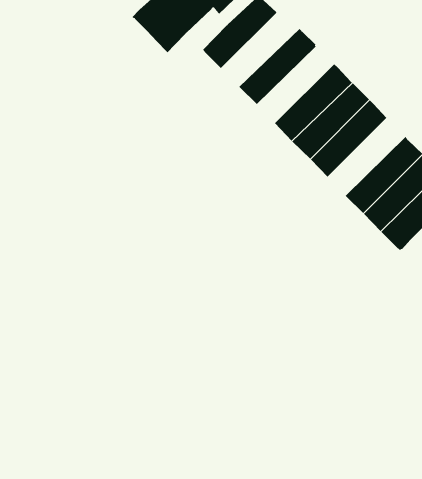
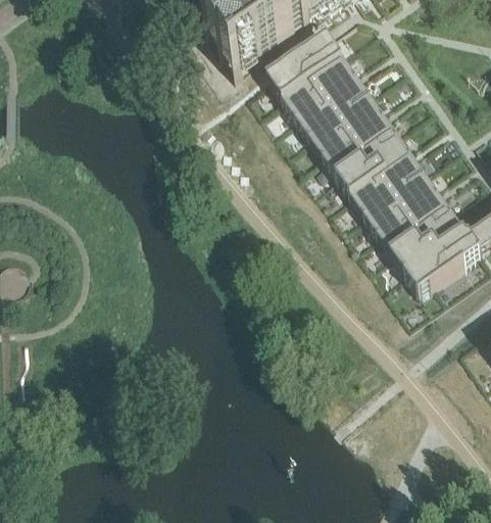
building: none -> [282,51,360,116]
building: none -> [309,91,387,155]
building: none -> [363,168,442,233]

